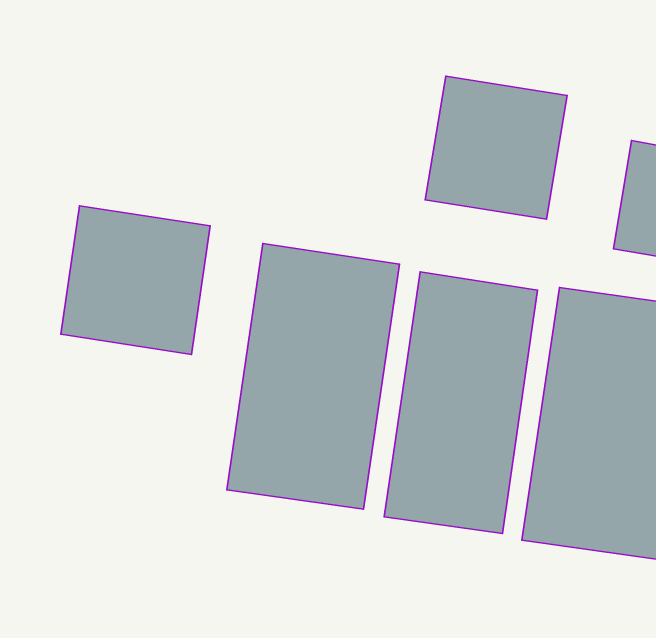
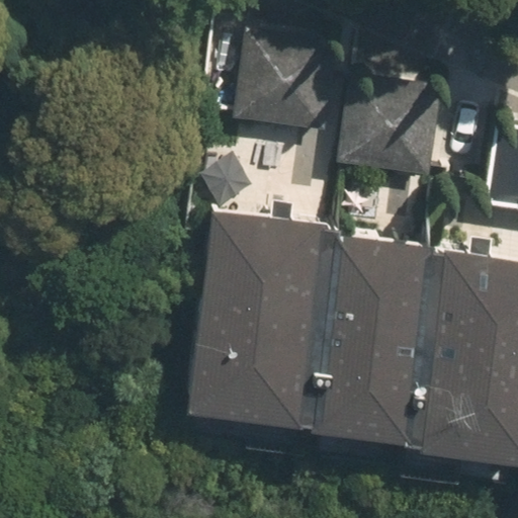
building: none -> [233,34,342,143]
building: [61,206,210,354] -> none

